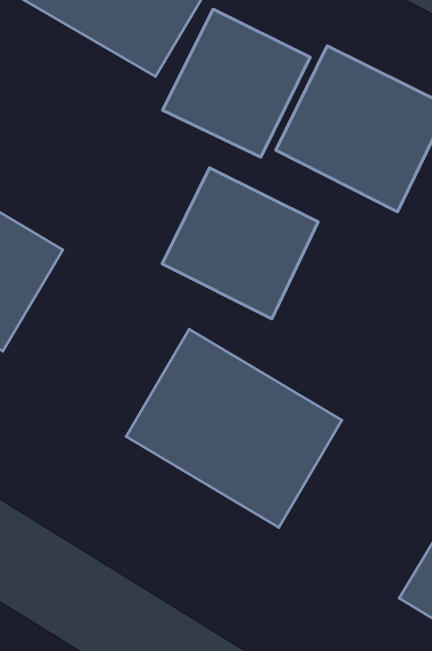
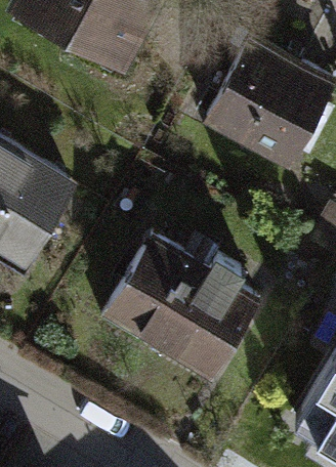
building: [163,9,310,157] -> none
building: [162,168,318,319] -> none

